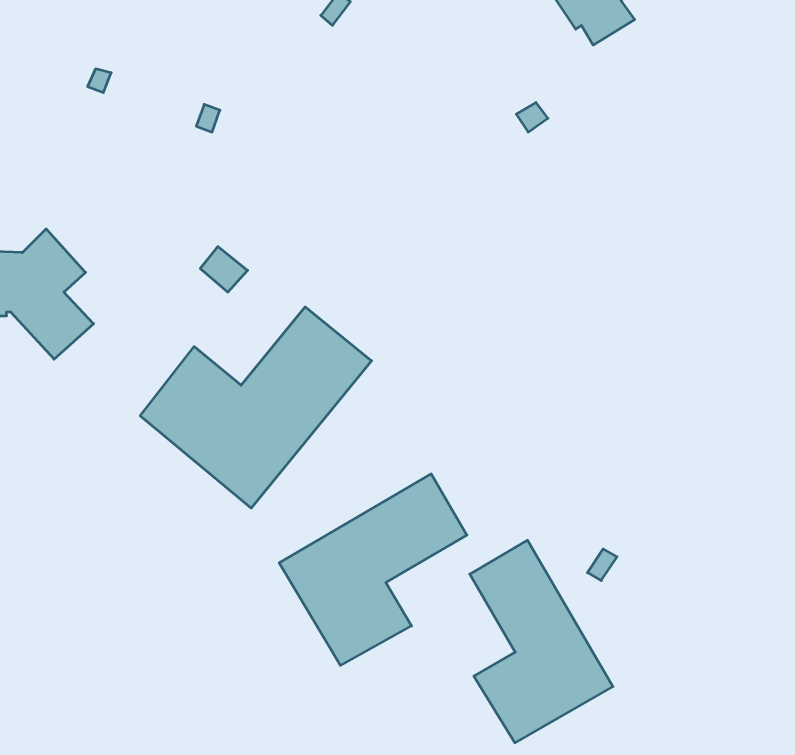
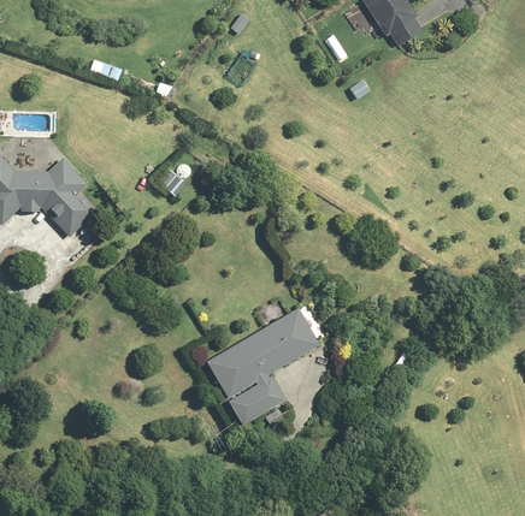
building: [140,307,372,508] -> none
building: [470,540,613,743] -> none

